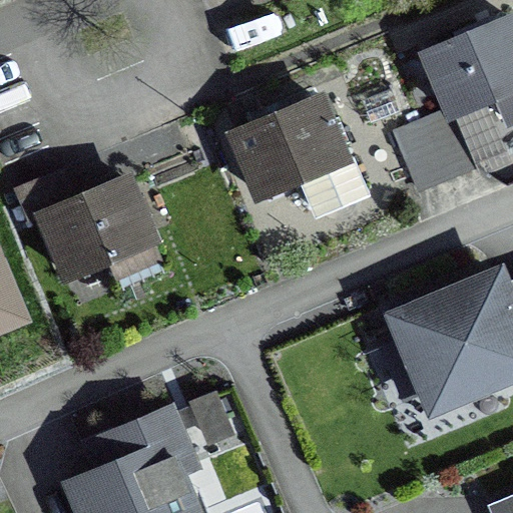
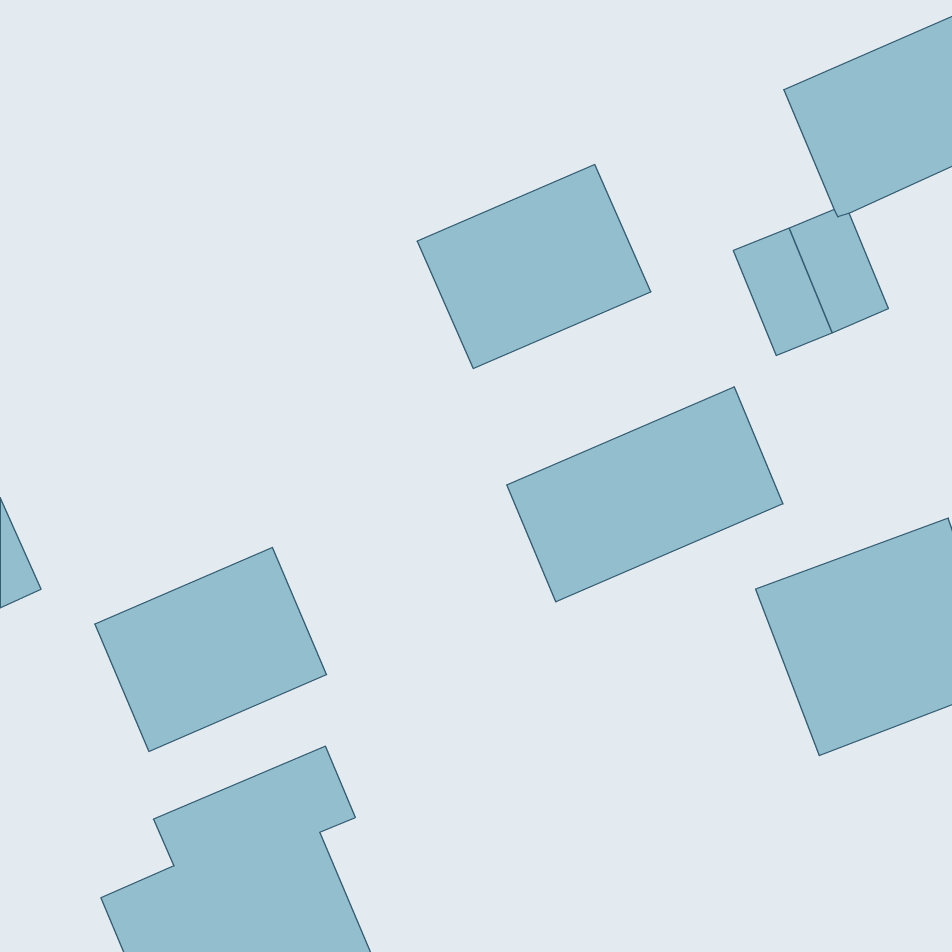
building: [38,178,162,288] -> [95,547,327,751]
building: none -> [507,387,783,602]

